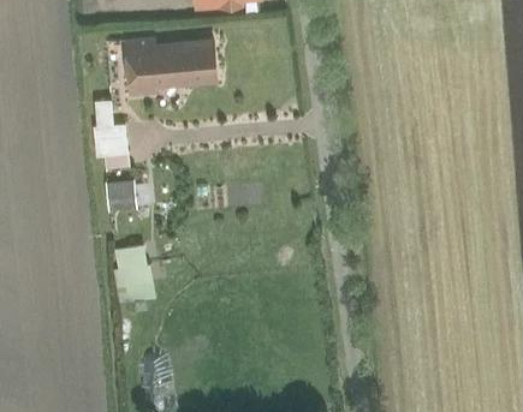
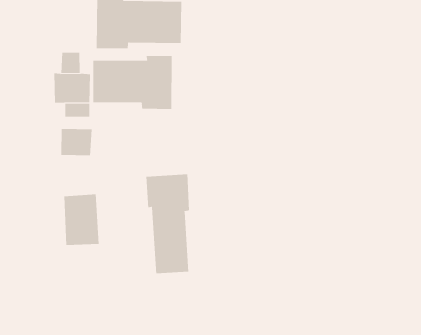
building: none -> [93,55,172,110]
building: none -> [146,173,190,274]

